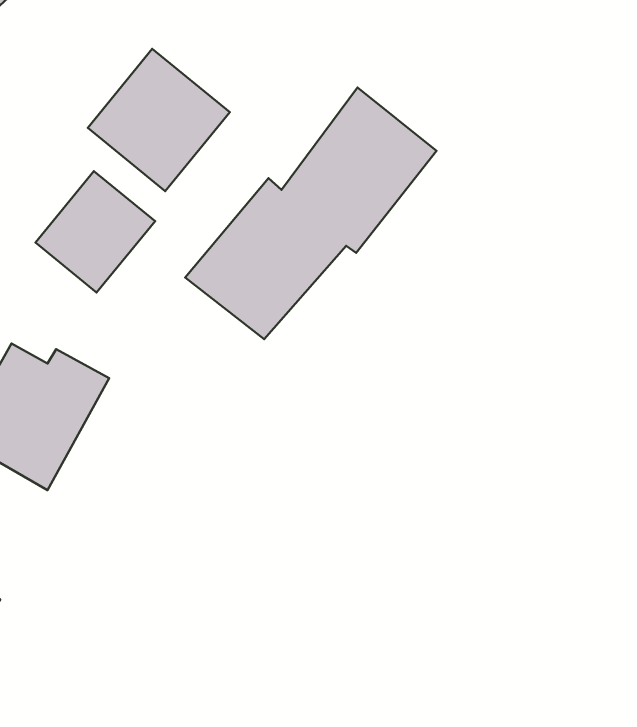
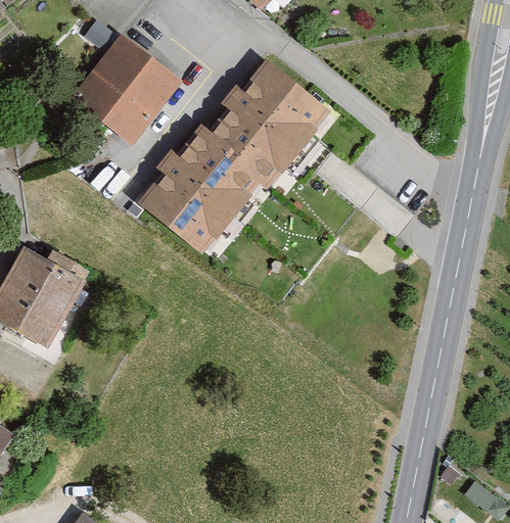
building: [36,171,155,292] -> none

